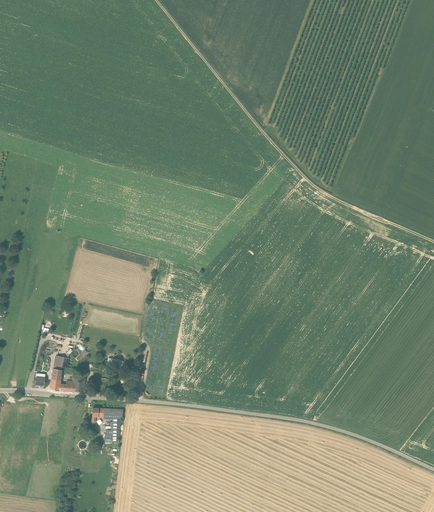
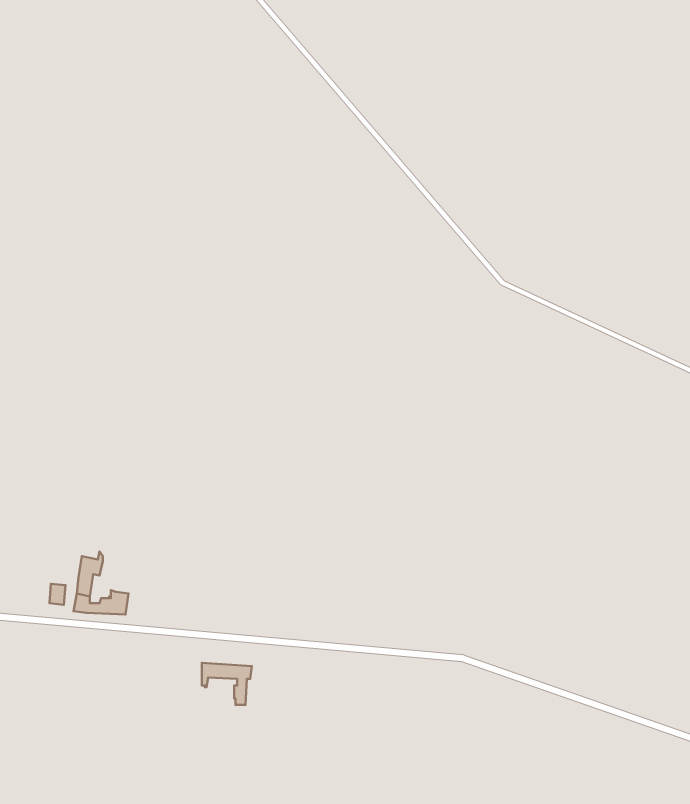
building: [91,407,122,433] -> [202,663,252,705]

